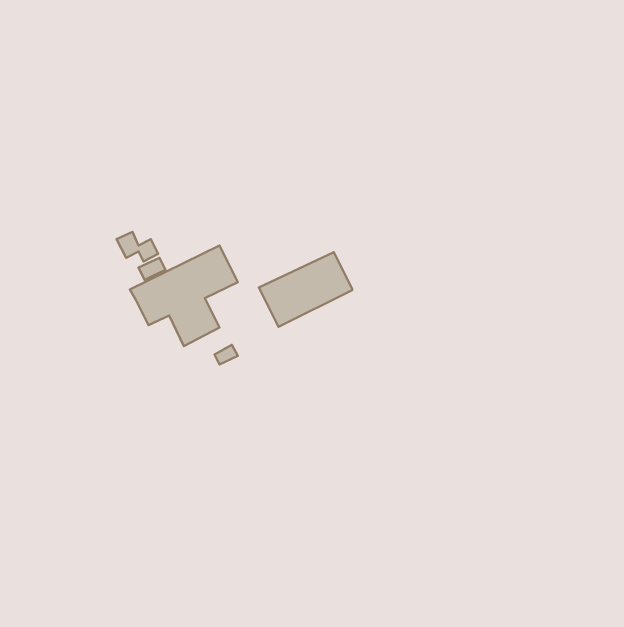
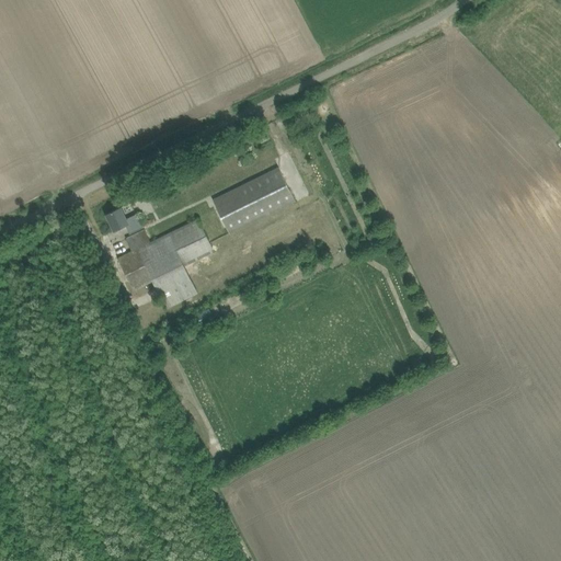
building: [259,252,352,327] -> [210,168,294,234]

